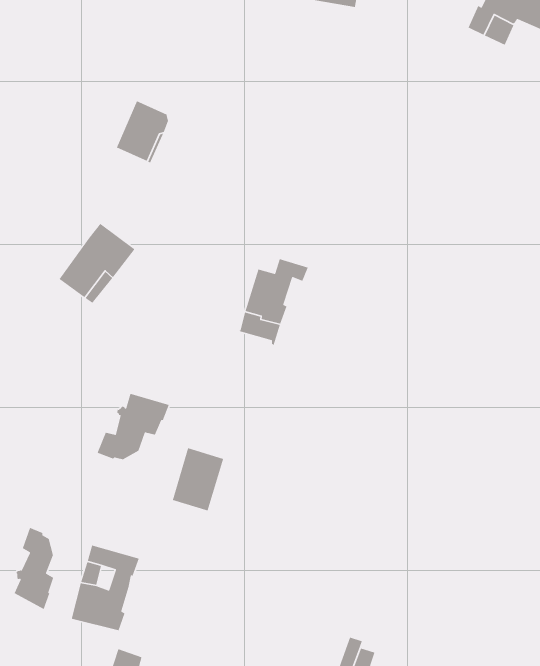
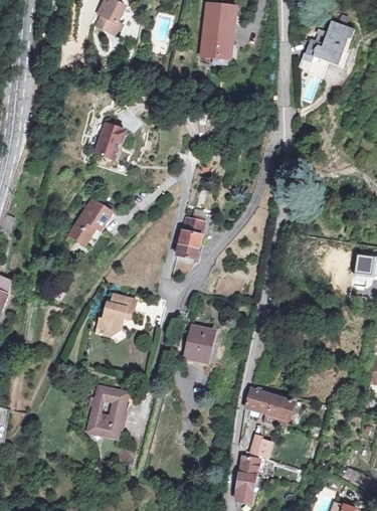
building: [172,447,224,512] -> [184,327,213,364]
building: [14,527,54,610] -> none
building: none -> [244,384,294,418]

